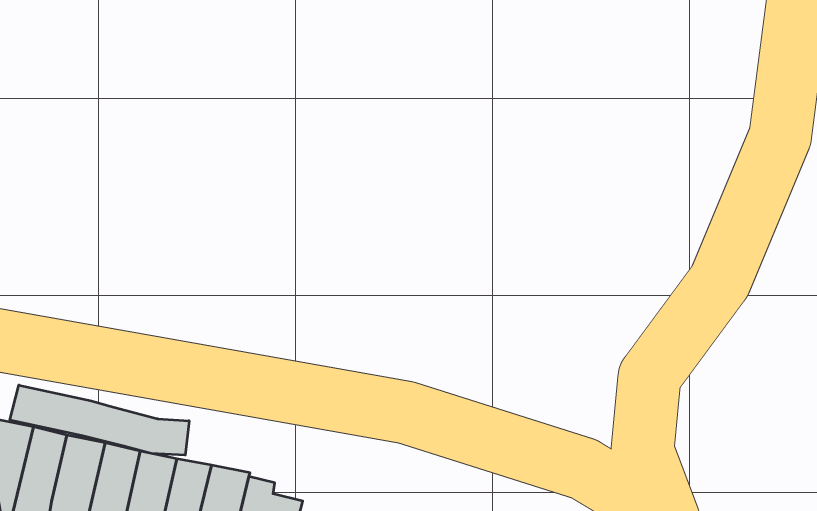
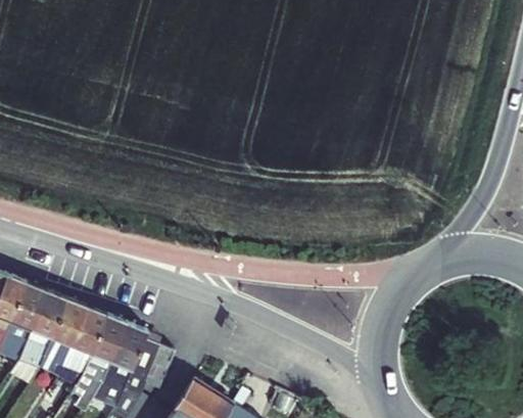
building: [10,385,189,455] -> none

